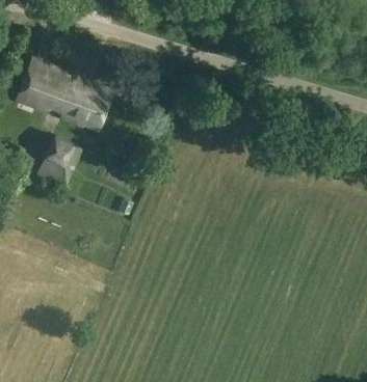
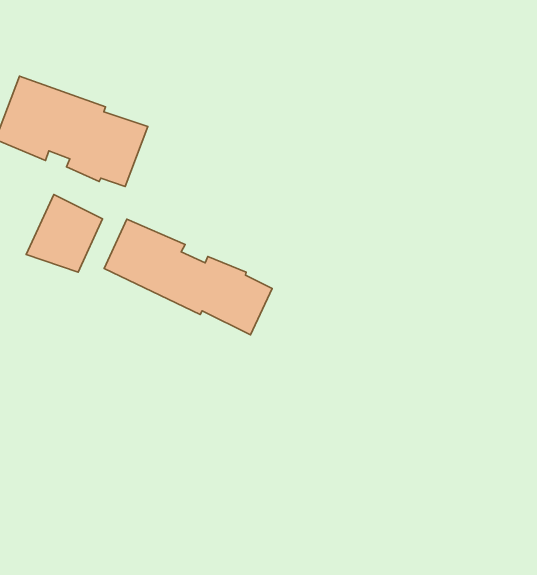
building: none -> [104,219,272,335]

